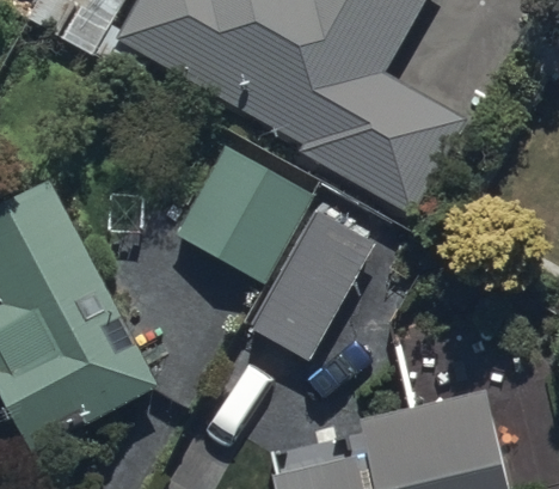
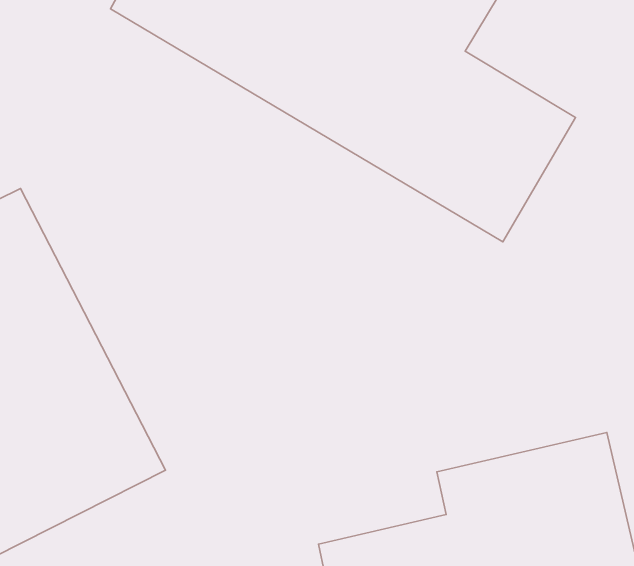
building: [172,134,313,281] -> none
building: [250,209,376,359] -> none

